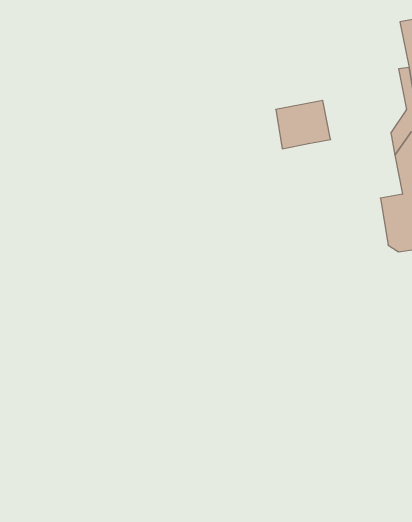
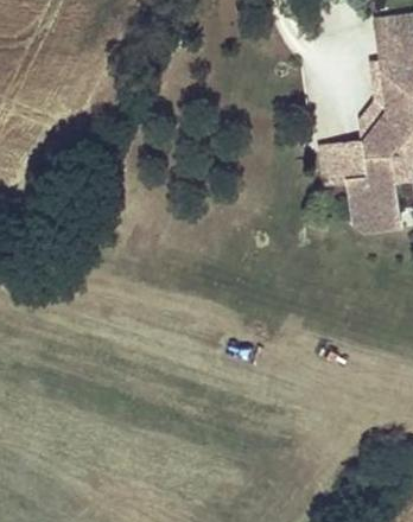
building: [276,100,331,149] -> [324,142,374,186]

